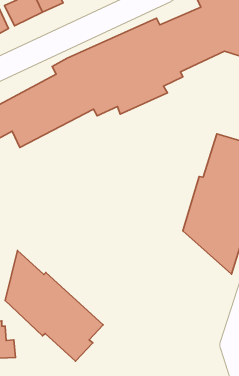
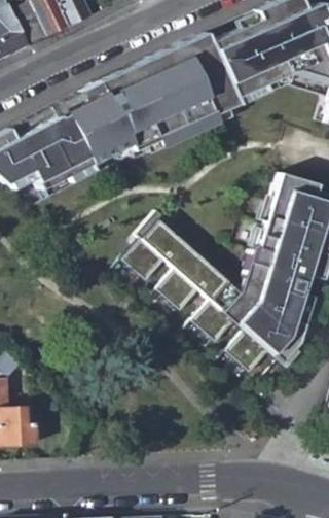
building: none -> [123,211,297,373]
building: [5,251,103,361] -> none

